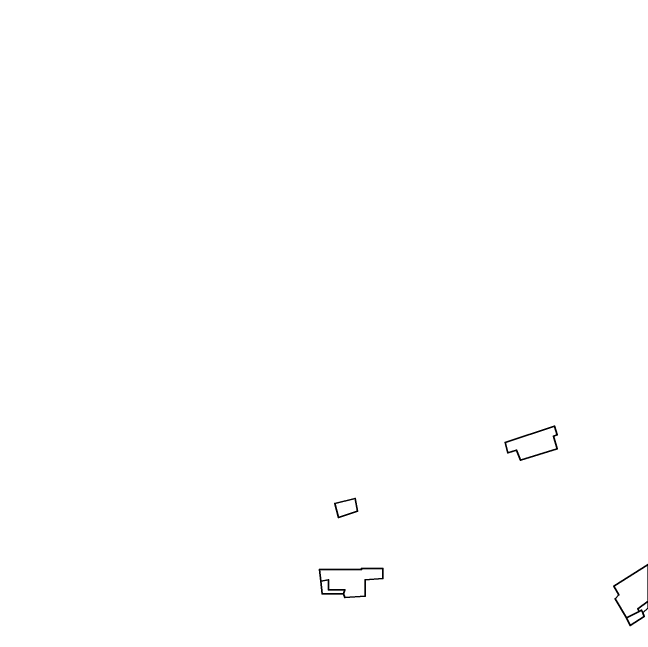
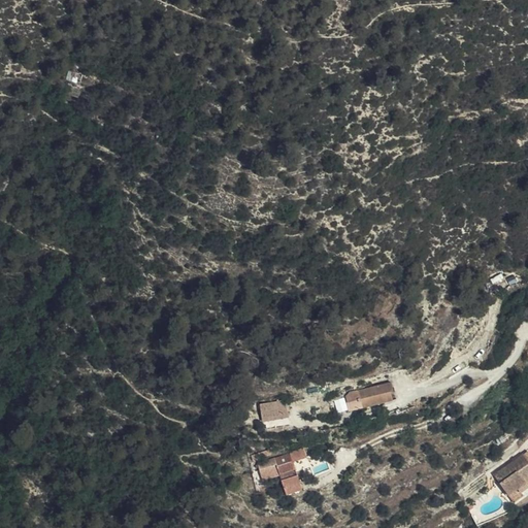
building: [505,426,557,460] -> [353,377,395,405]

